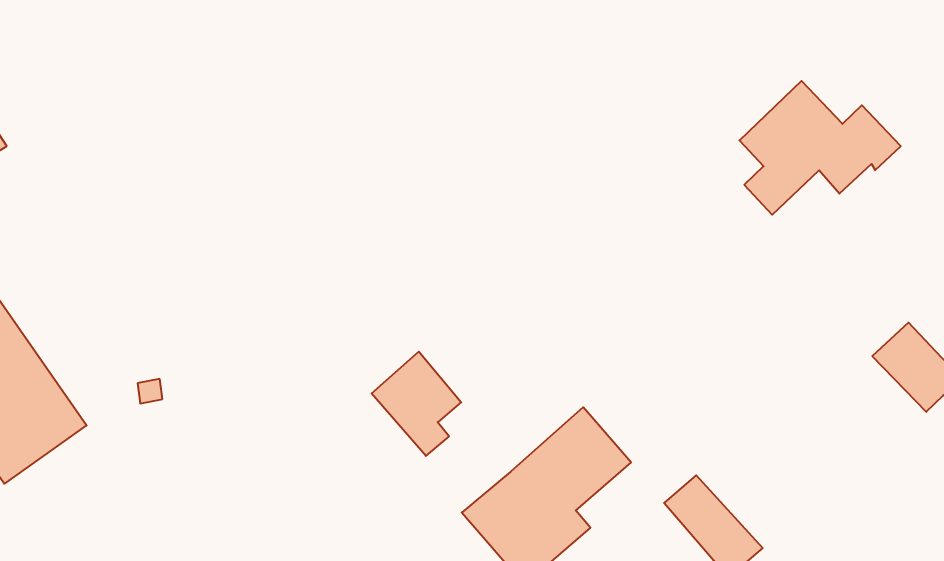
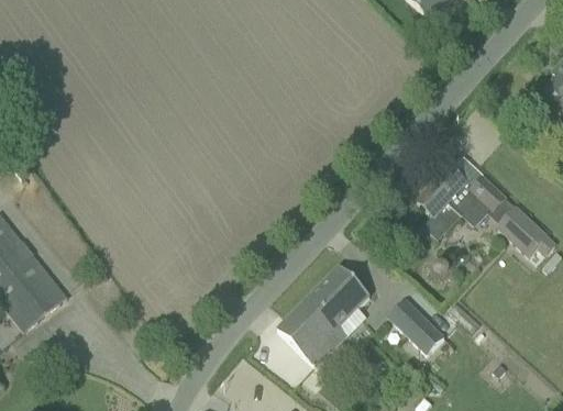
building: [739,81,901,215] -> [417,165,506,240]
building: [372,352,461,456] -> none

